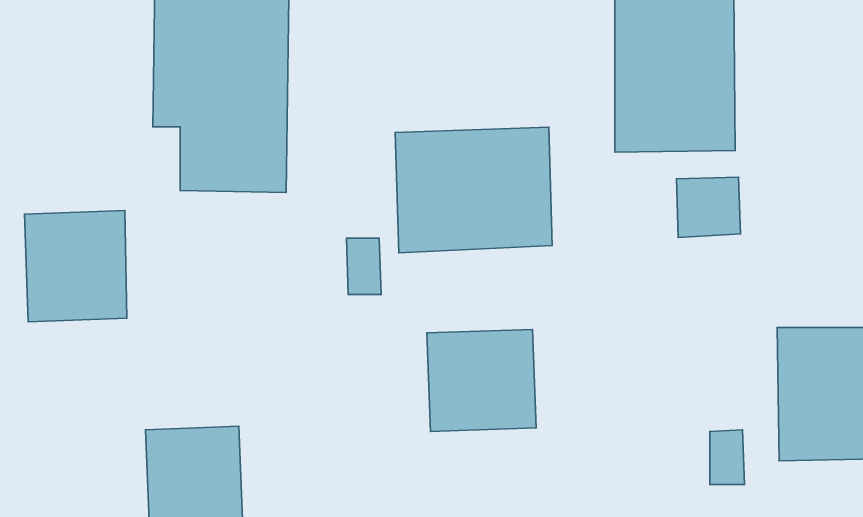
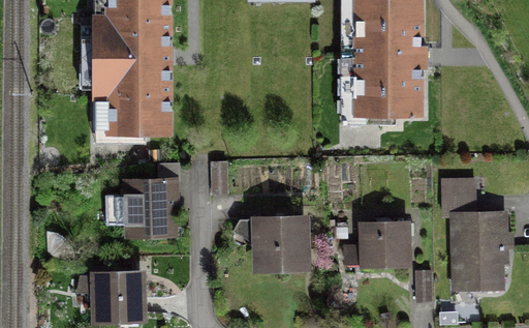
building: [395,127,552,253] -> none
building: [676,177,740,237] -> [438,178,474,212]
building: [25,210,127,322] -> [119,178,177,241]
building: none -> [360,220,410,268]

